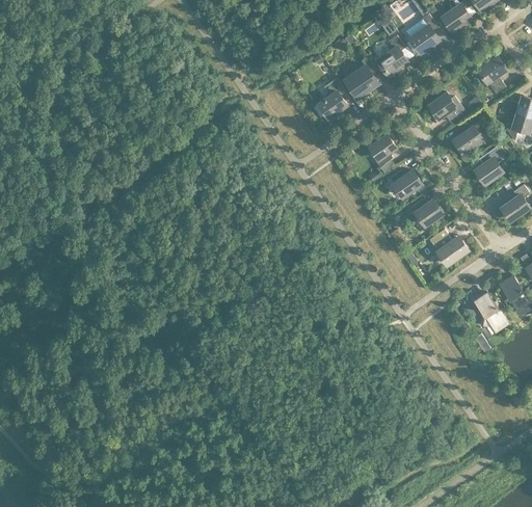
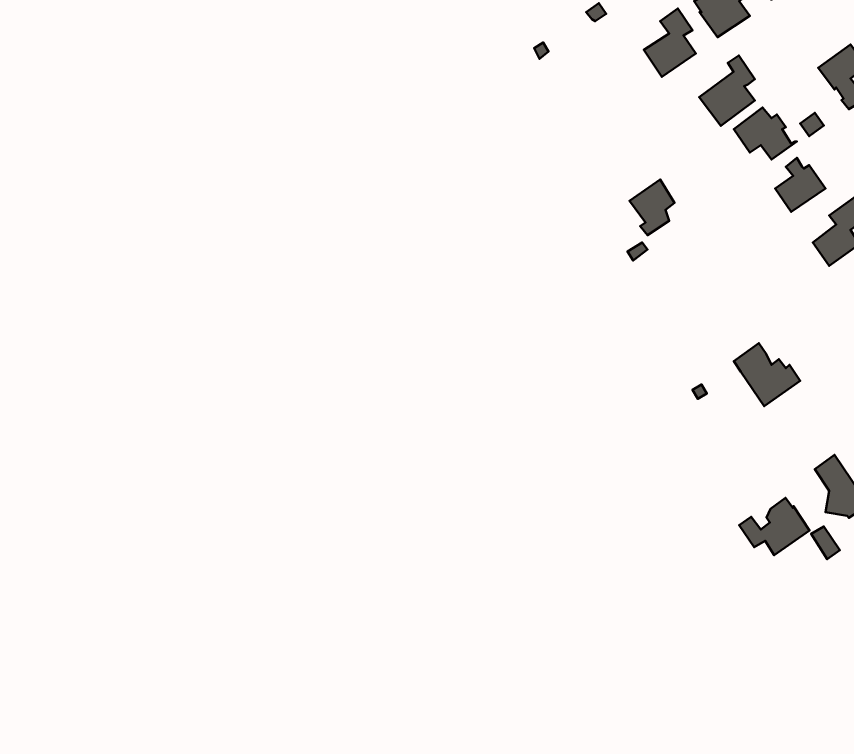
building: [345,57,377,98] -> [699,56,755,126]
building: [318,79,346,118] -> none
building: [390,171,421,197] -> none
building: [410,201,442,225] -> none
building: none -> [739,498,809,555]

